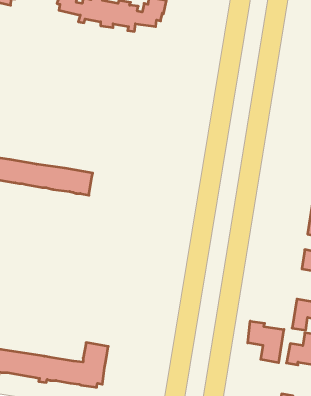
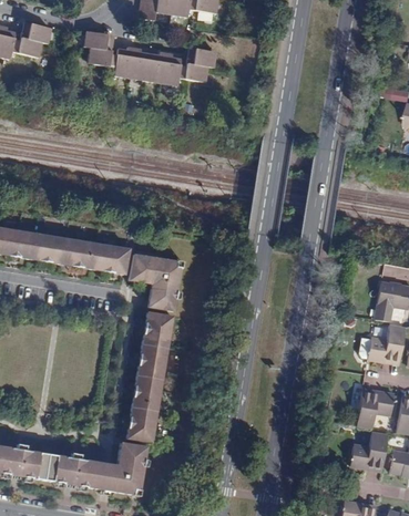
building: none -> [127,254,180,310]
building: none -> [125,311,172,441]
building: [248,321,284,363] -> none

